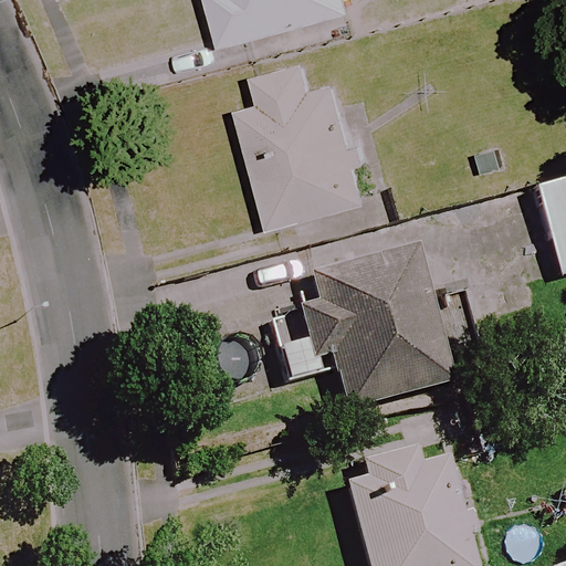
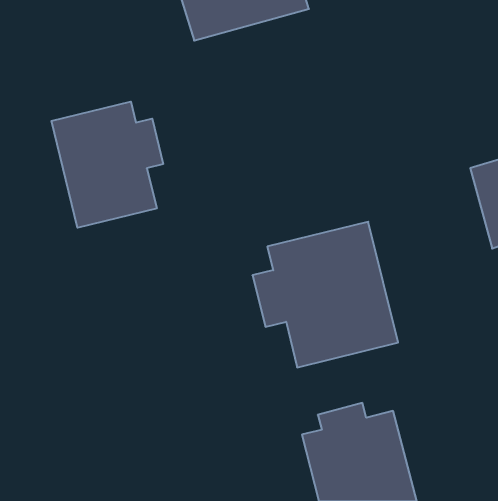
building: [244,61,377,226] -> none
building: none -> [51,102,163,228]

